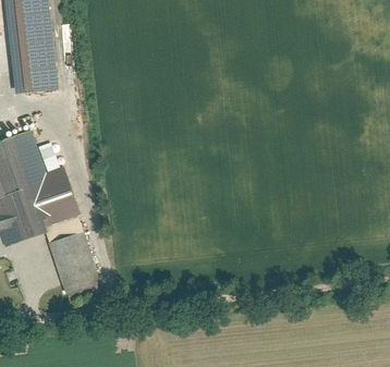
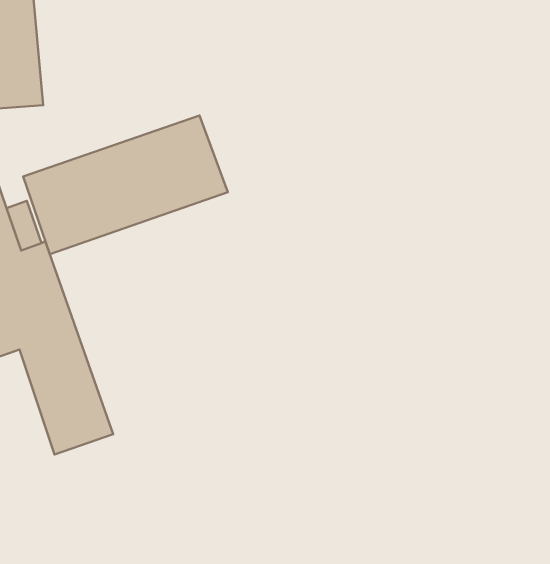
building: none -> [23,115,228,254]

